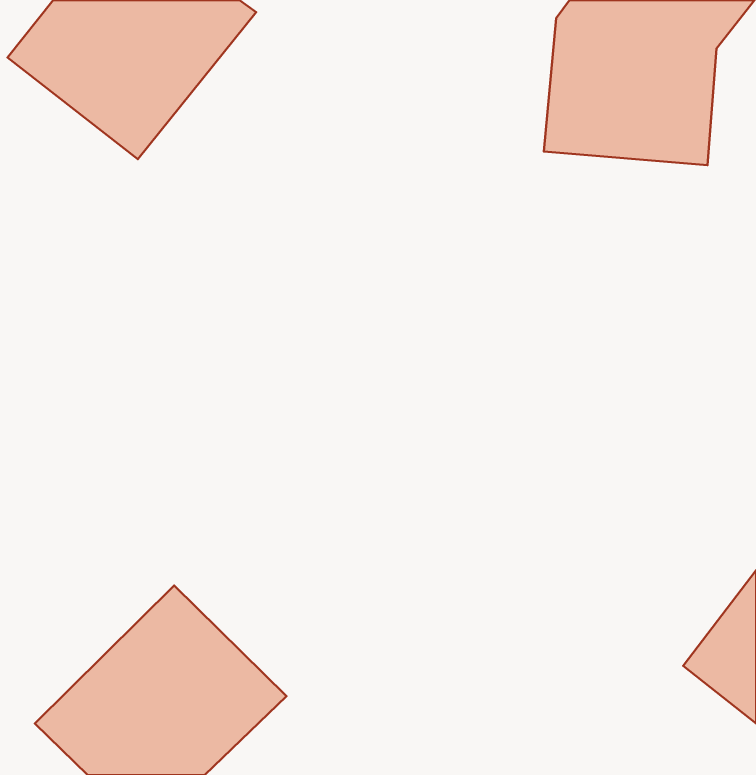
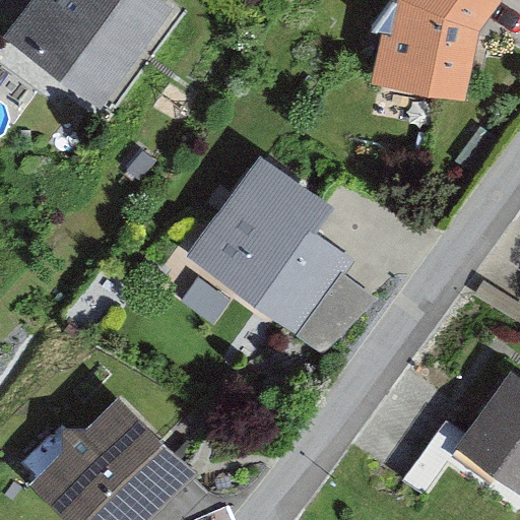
building: none -> [186,153,352,340]

